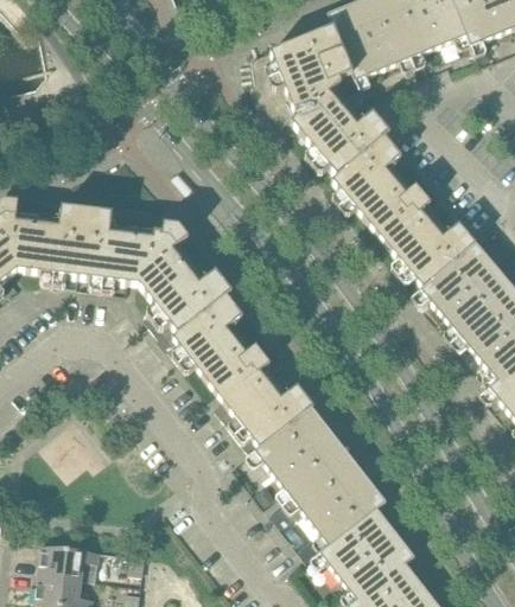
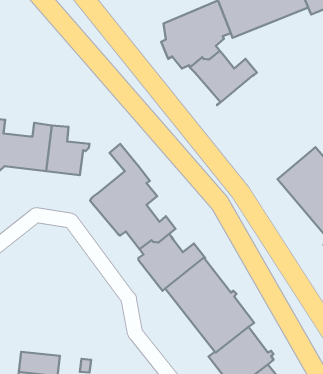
building: [332,134,477,288] -> none
building: [129,222,196,307] -> none

